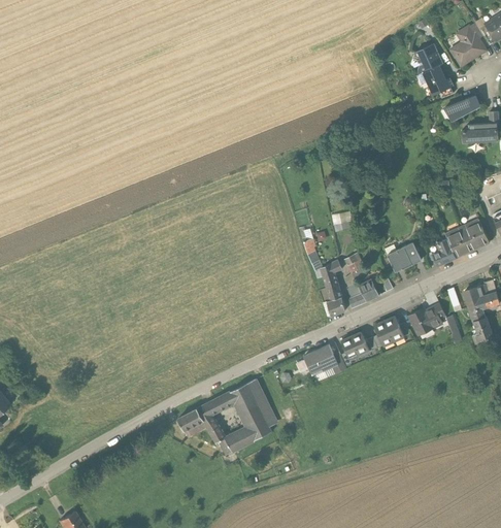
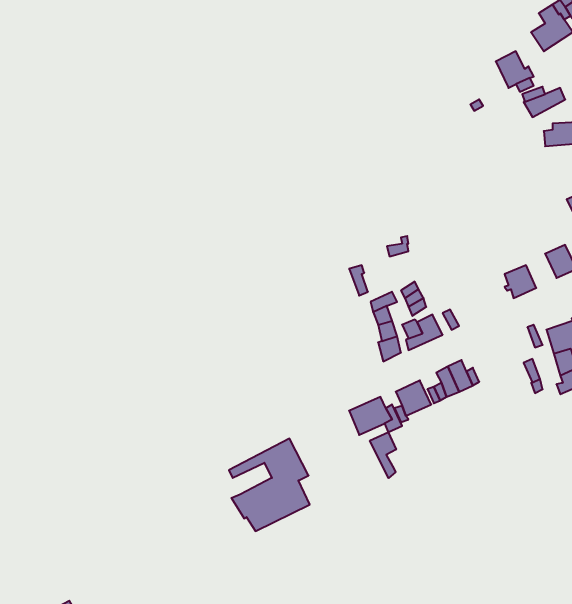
building: [412,43,442,73] -> none
building: [446,229,472,257] -> none
building: [388,241,422,270] -> none
building: [408,303,445,336] -> none
building: none -> [370,432,396,478]
building: [177,405,214,435] -> none

